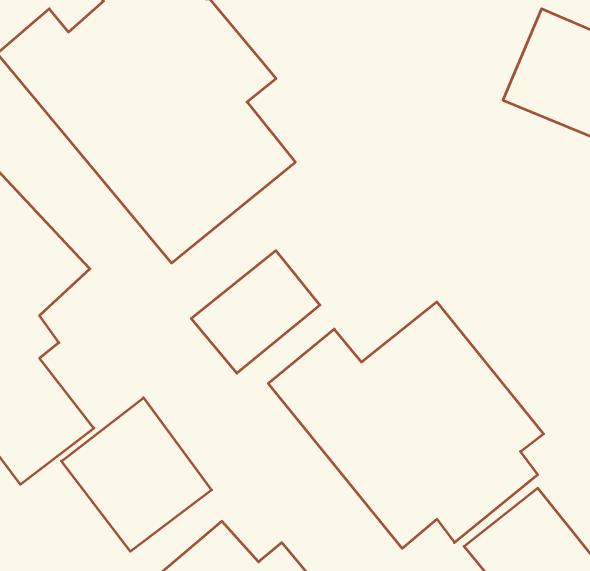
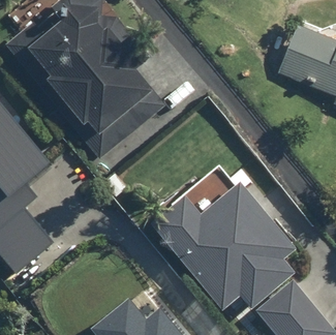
building: [191,251,320,373] -> none
building: [61,398,212,551] -> none

